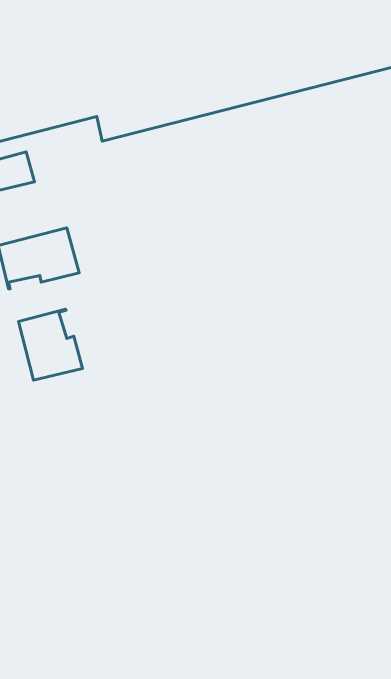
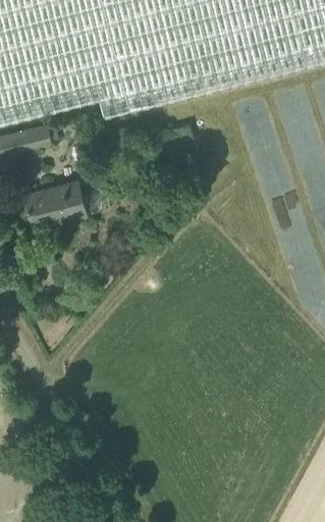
building: [19,309,82,380] -> none

